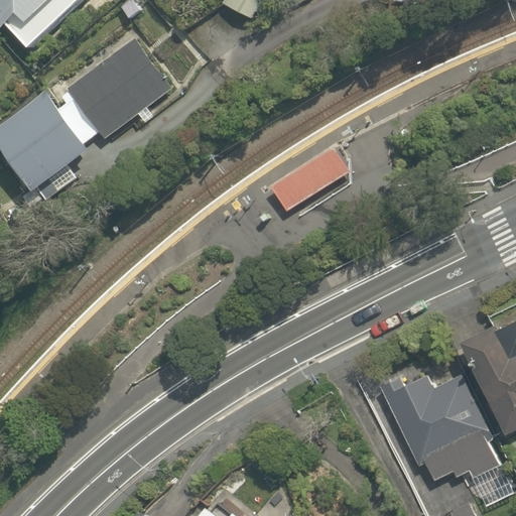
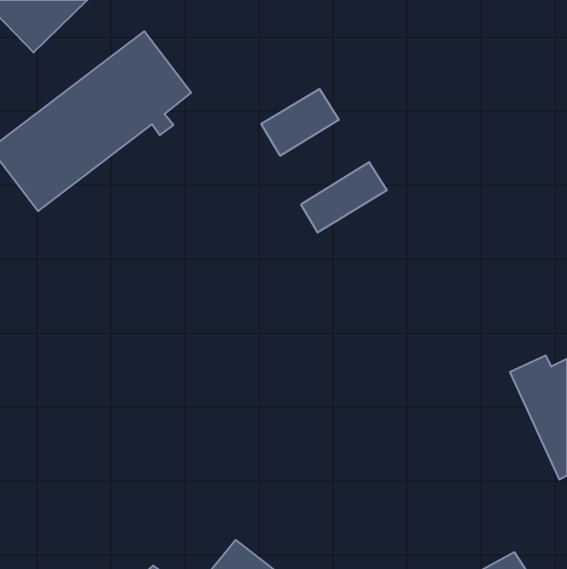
building: none -> [261,89,339,156]
building: [375,366,505,486] -> none

